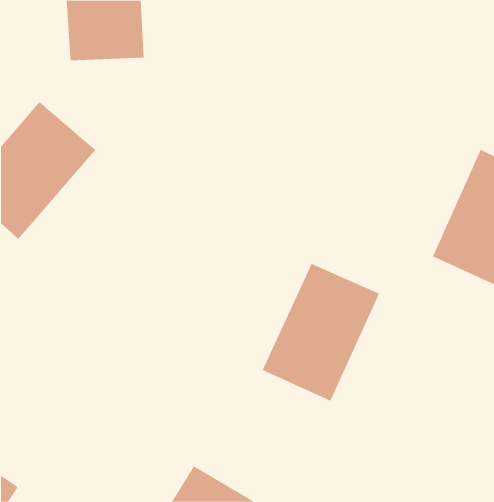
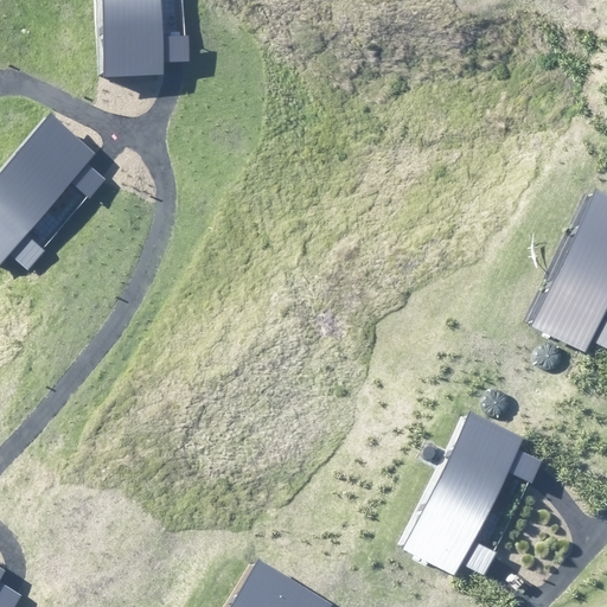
building: [262,263,380,402] -> [398,410,541,577]

